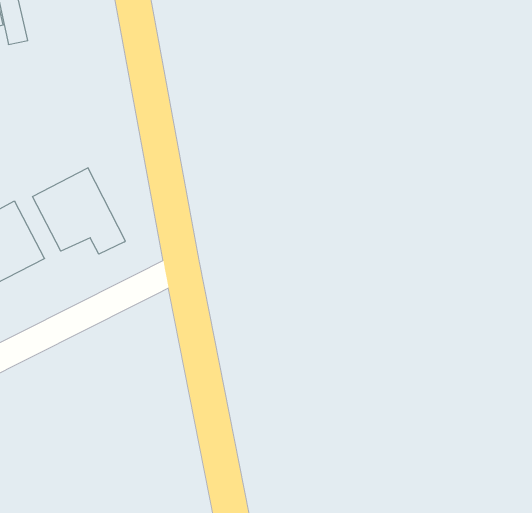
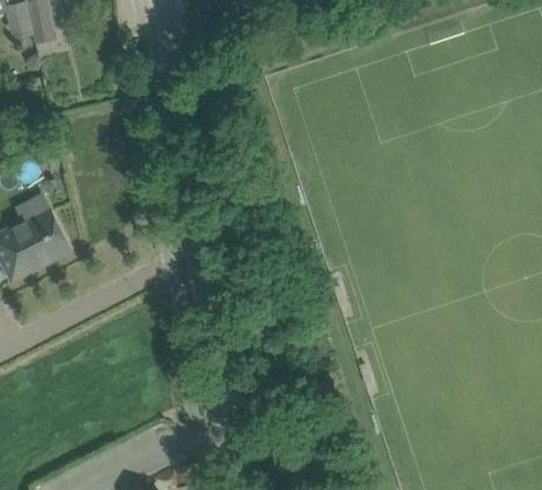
building: [33,168,125,254] -> none

